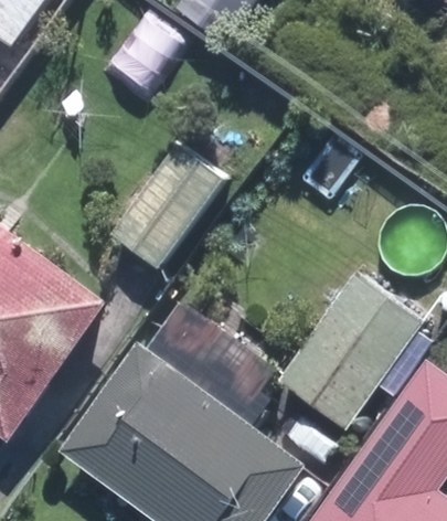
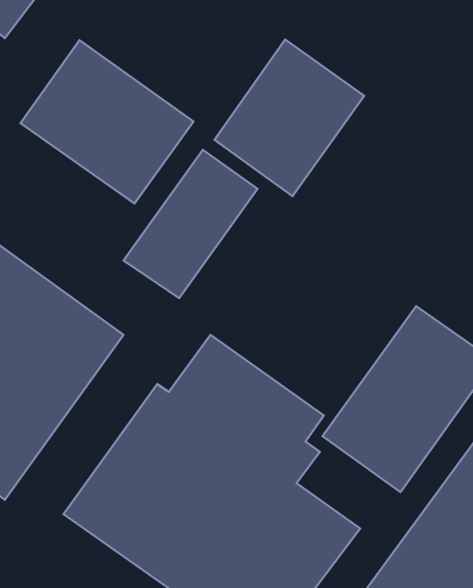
building: none -> [215,40,364,196]
building: none -> [21,40,194,203]

